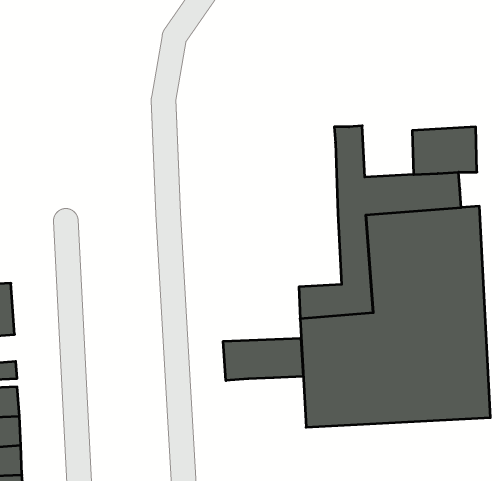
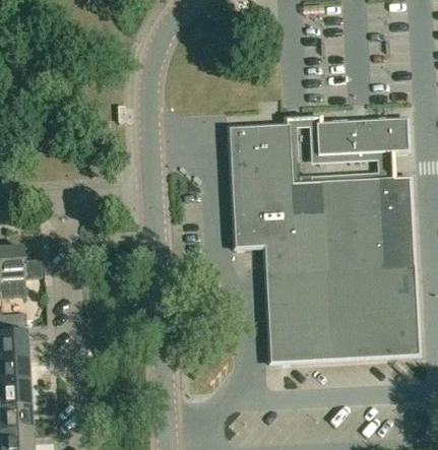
building: none -> [316,114,359,156]
building: none -> [228,115,299,249]
building: [223,338,303,381] -> none

